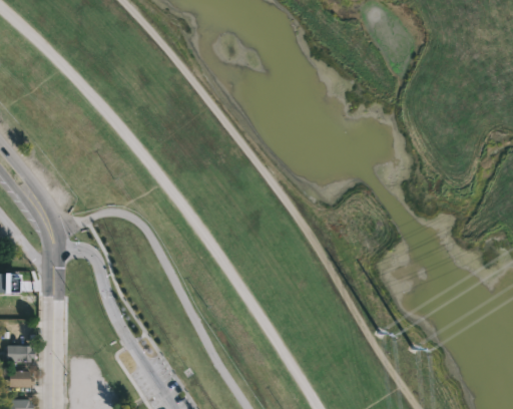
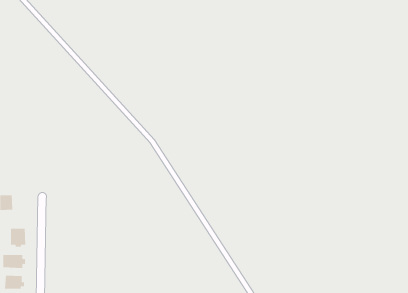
building: none -> [11,228,26,248]

